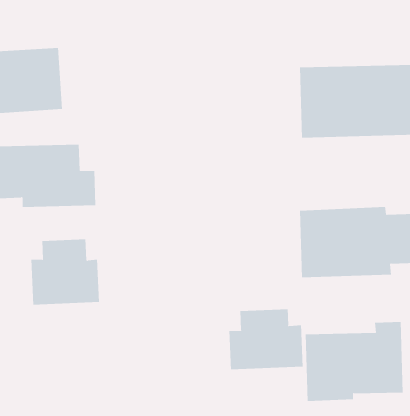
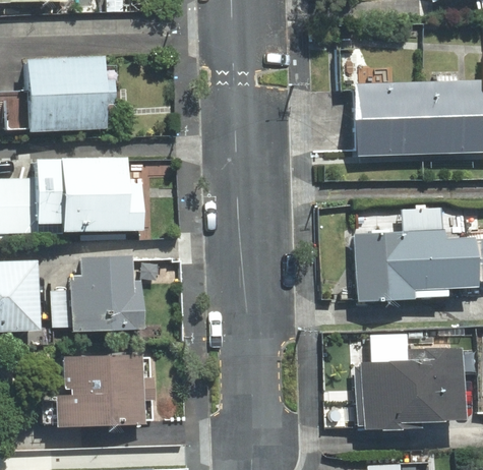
building: [229,308,303,370] -> none
building: none -> [60,357,145,425]

